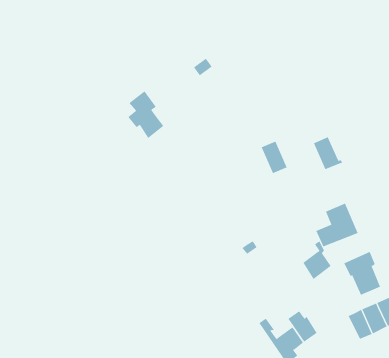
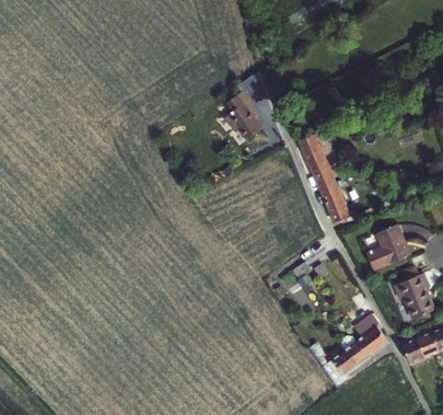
building: [128,90,164,139] -> [224,90,261,139]
building: none -> [299,132,326,166]
building: [313,137,343,170] -> [323,187,353,221]
building: [302,240,331,280] -> [358,315,387,356]

